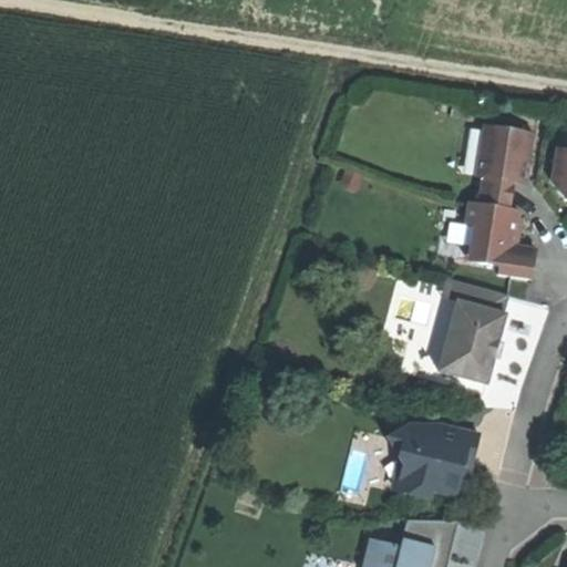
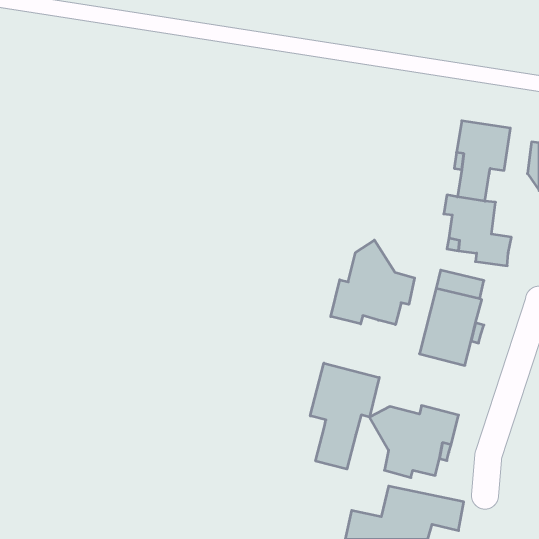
building: none -> [331,240,415,325]
building: none -> [310,363,379,469]

